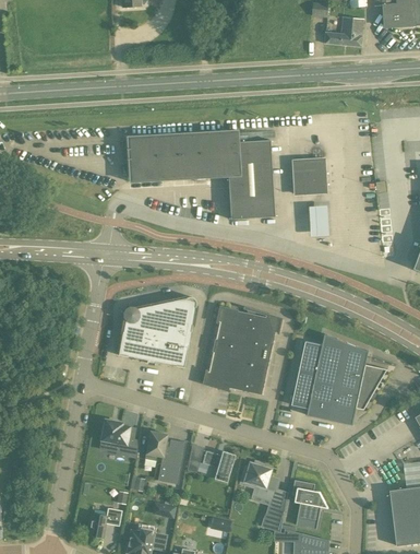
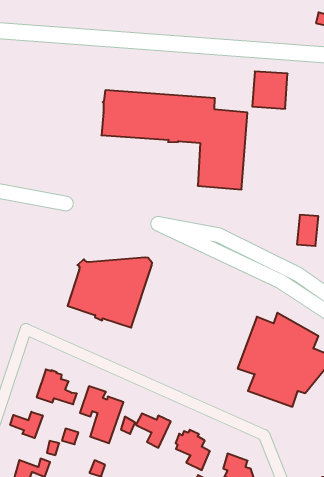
building: [291,157,326,195] -> [252,71,288,109]
building: [308,204,327,235] -> [297,215,318,246]
building: [202,306,280,394] -> none
building: none -> [10,412,43,438]

